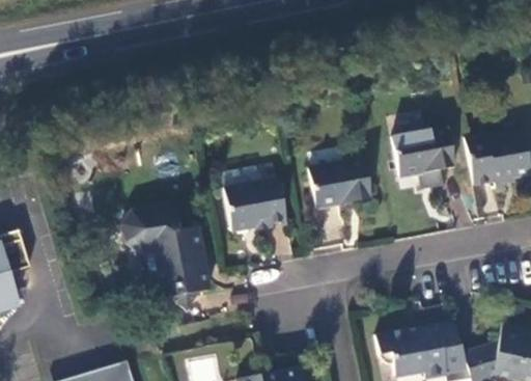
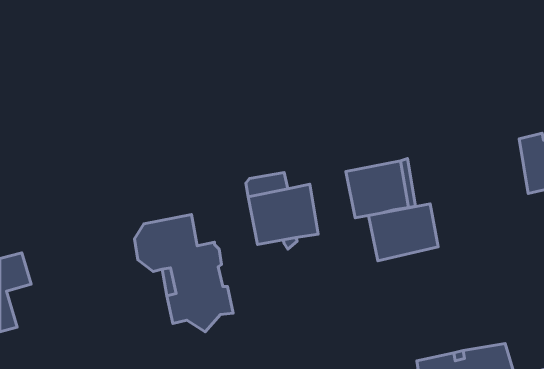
building: [392,129,454,180] -> [369,204,438,261]

